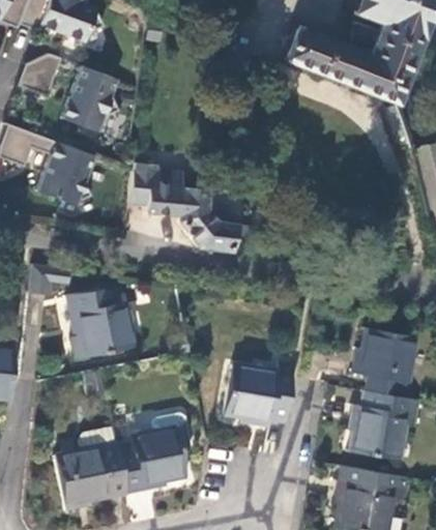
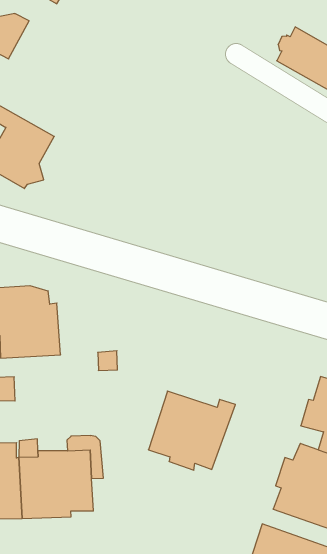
building: [65,67,121,130] -> none
building: [128,165,235,252] -> none

